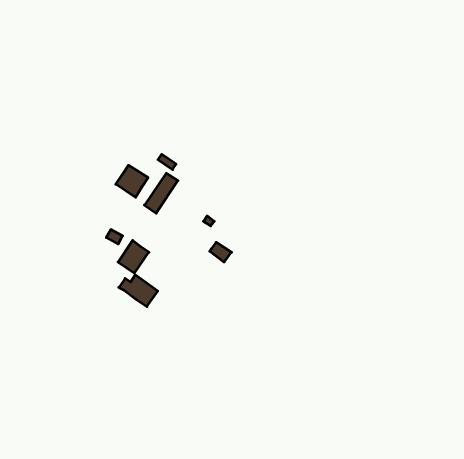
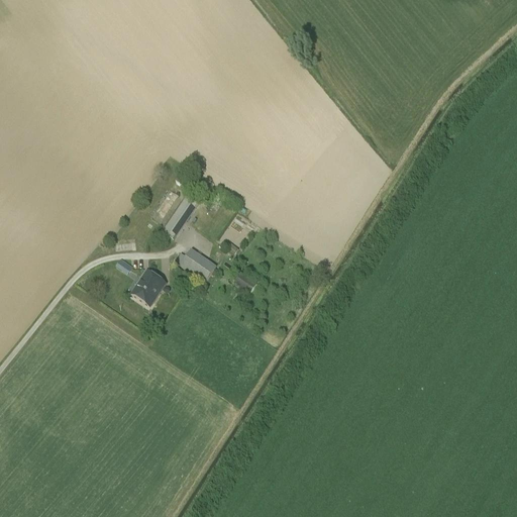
building: [116,165,148,197] -> none
building: [119,275,158,307] -> [174,246,217,282]

